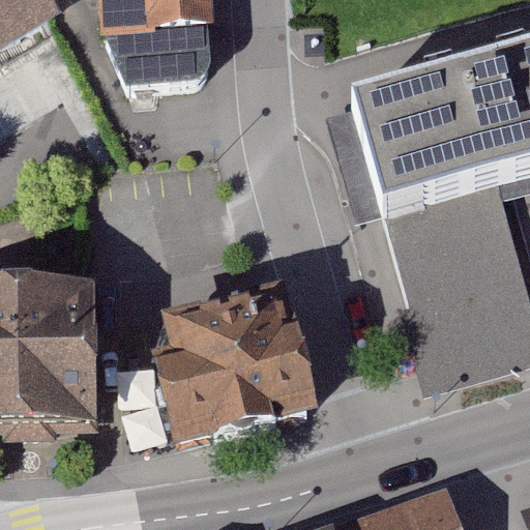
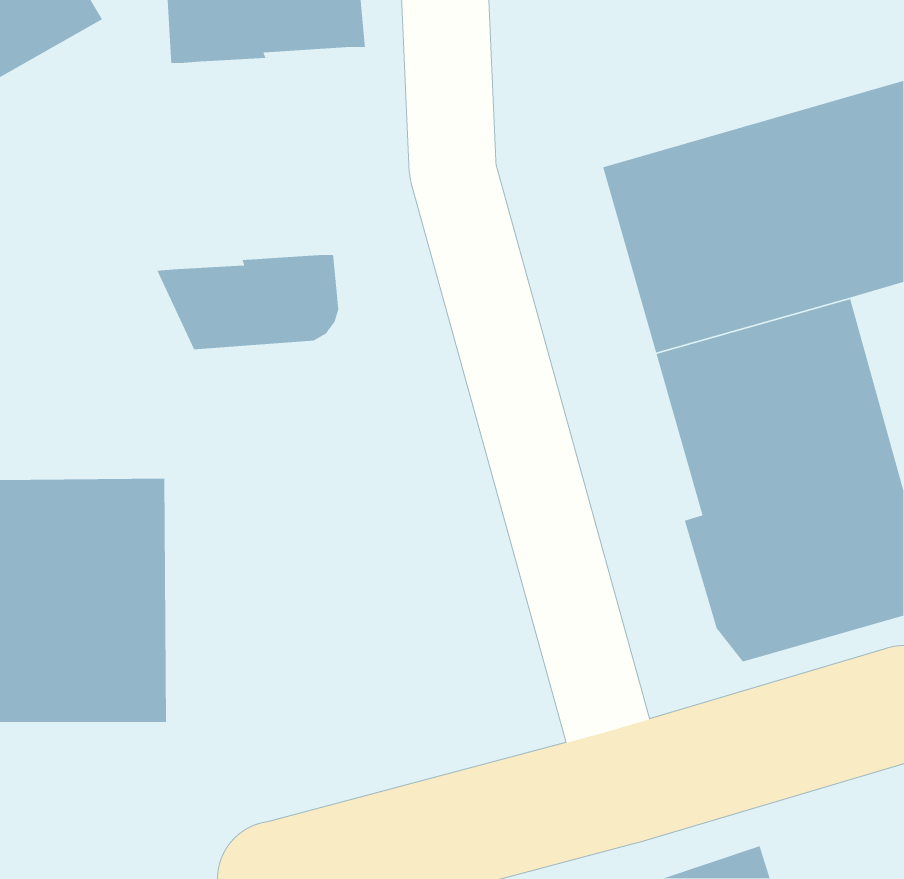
building: [105,28,211,84] -> [156,254,339,350]
building: [152,284,318,444] -> none

